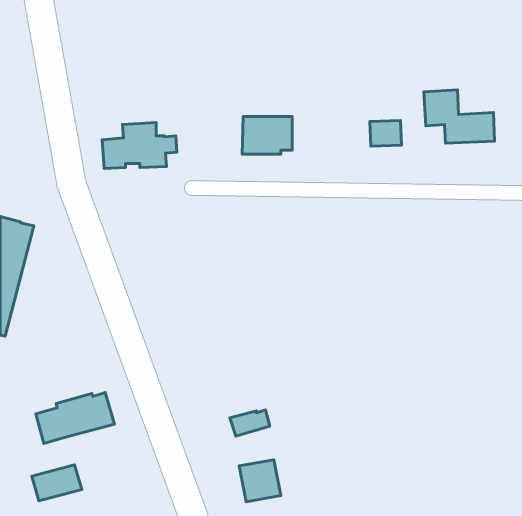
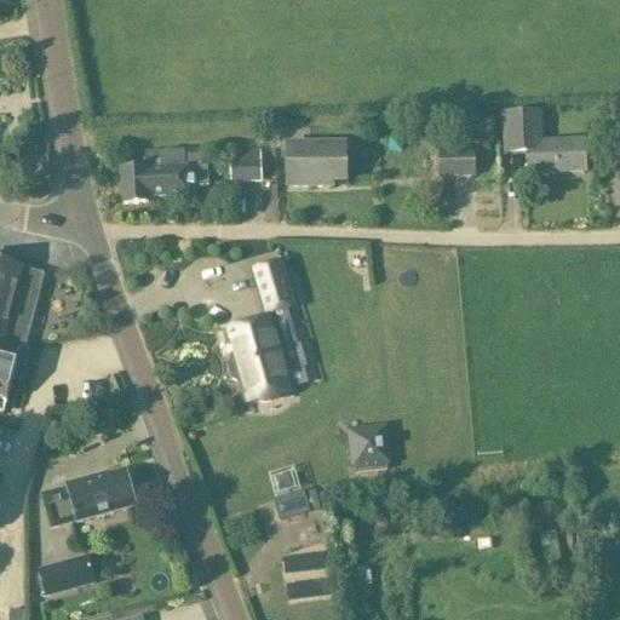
building: none -> [230,145,263,179]
building: none -> [225,257,298,398]
building: none -> [346,420,391,470]

